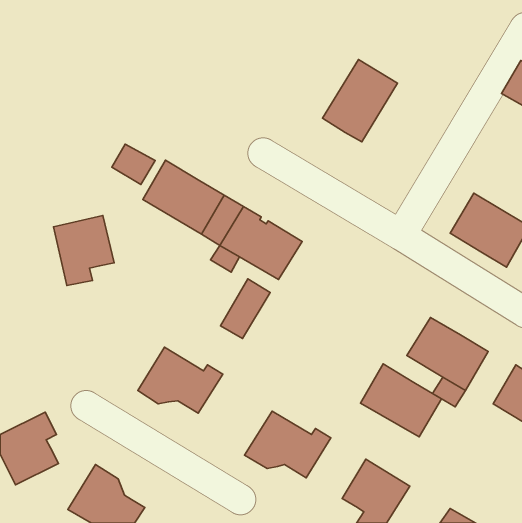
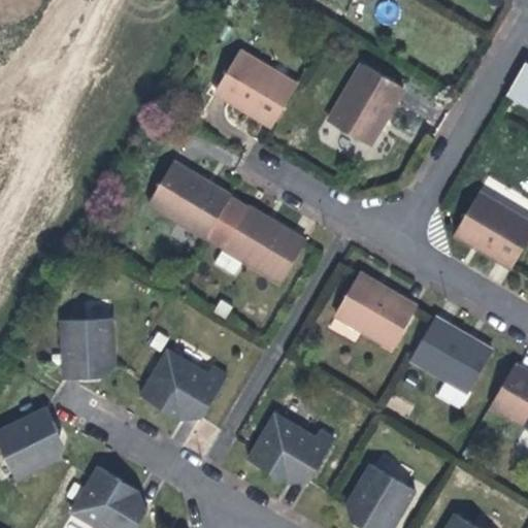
building: none -> [213,48,295,123]
building: [112,144,155,185] -> none
building: [53,216,114,285] -> [57,320,118,390]
building: [220,279,270,338] -> none
building: [360,364,442,437] -> [334,272,416,345]

